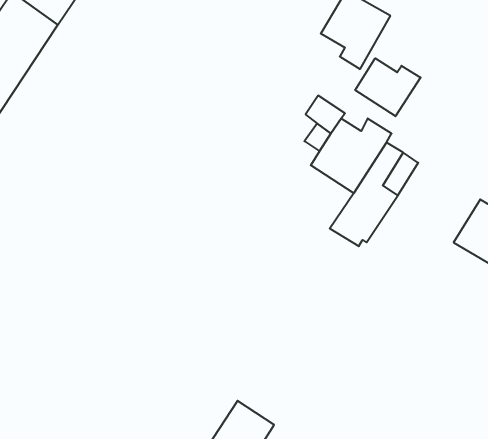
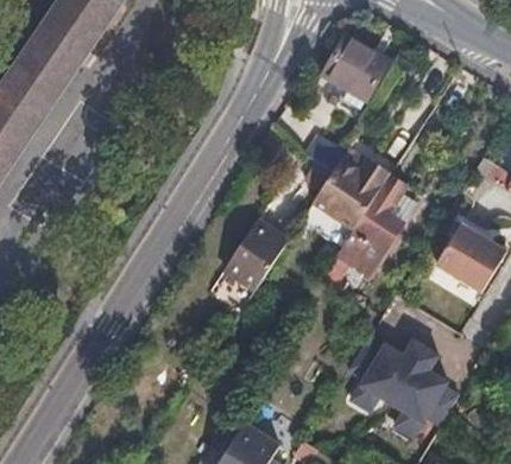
building: [355,58,421,116] -> none
building: none -> [219,221,289,299]
building: none -> [347,339,458,438]

